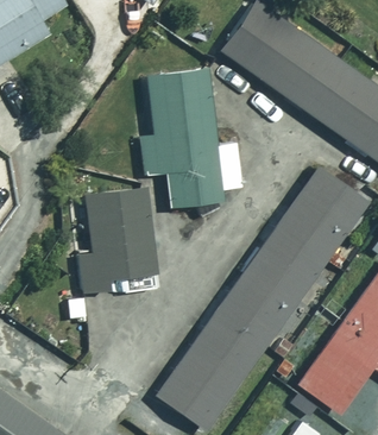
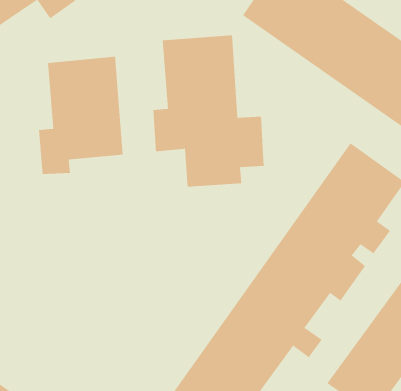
building: [78,187,156,294] -> [38,56,124,174]

